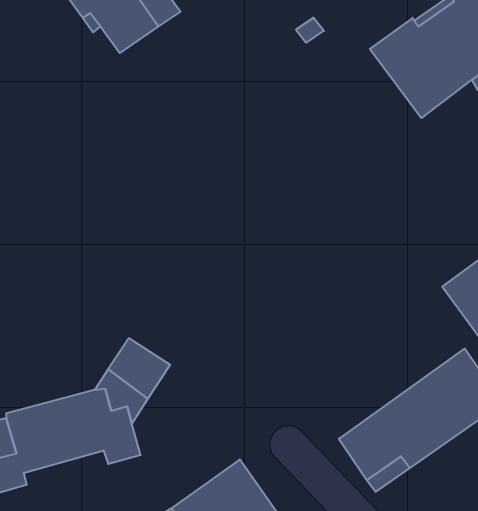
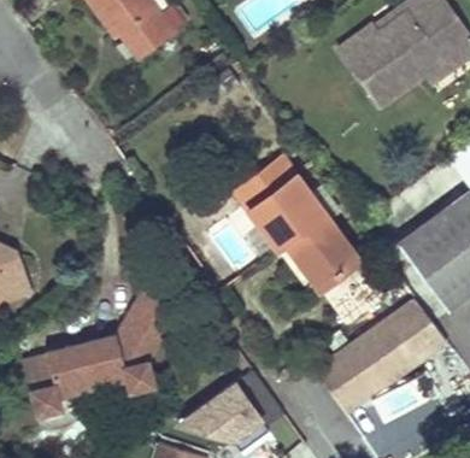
building: none -> [224,140,386,323]

